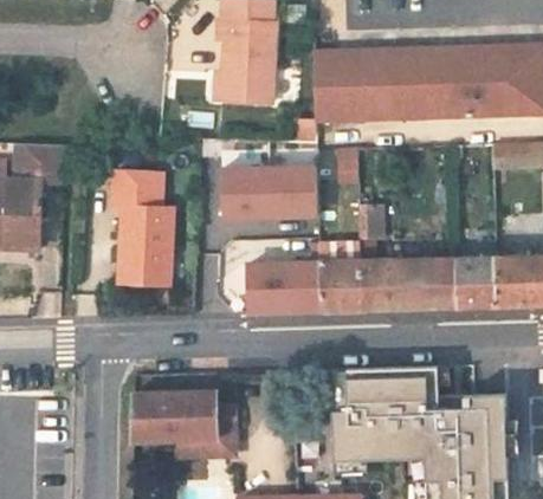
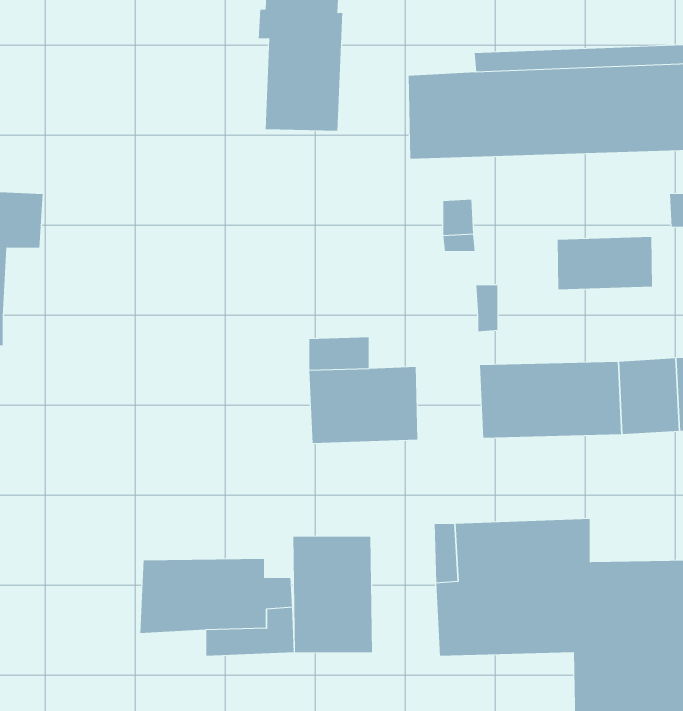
building: [221,168,318,219] -> none
building: [109,171,170,286] -> none
building: none -> [557,236,653,290]
building: [319,249,364,312] -> none
building: none -> [293,536,372,653]

